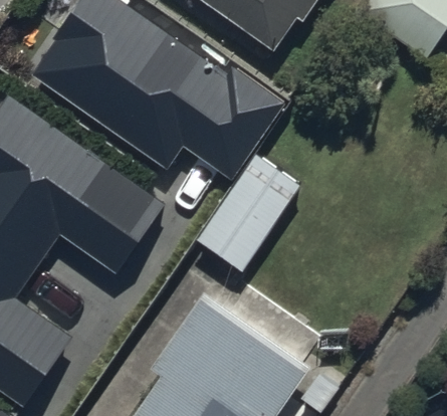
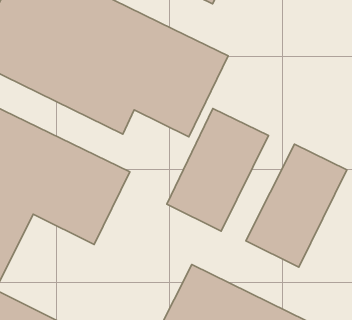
building: none -> [246,144,347,267]

